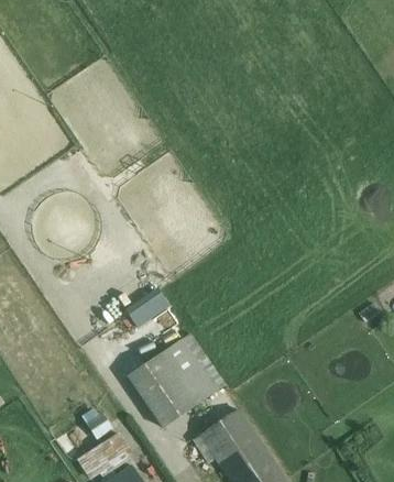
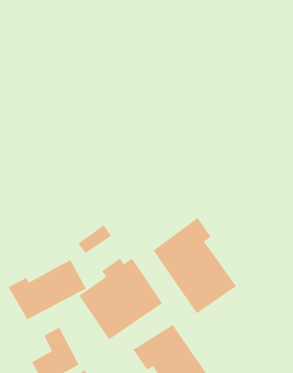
building: none -> [153,217,237,314]
building: none -> [8,259,86,320]

